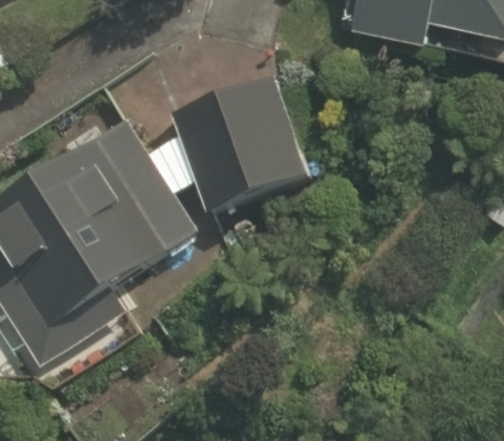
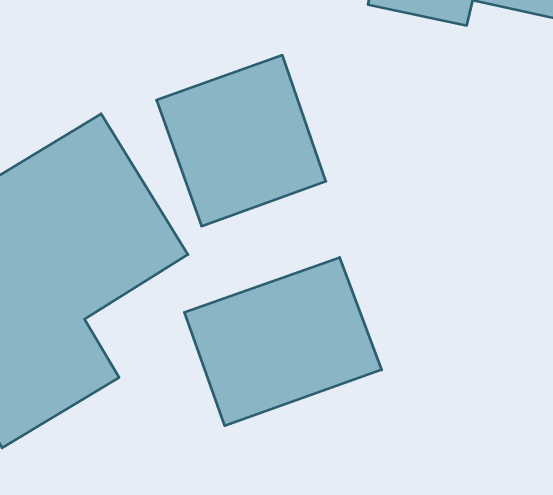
building: none -> [184,257,382,426]

